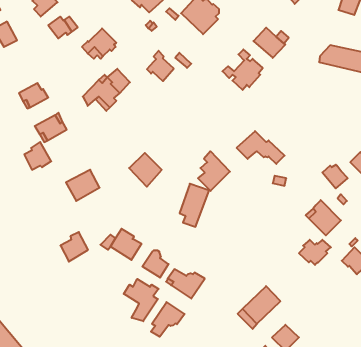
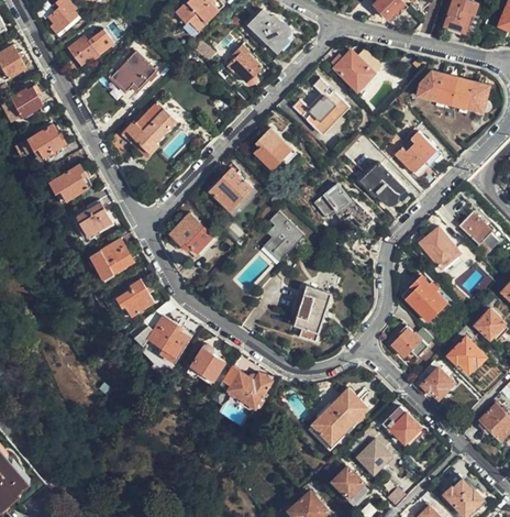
building: [147,51,174,81] -> [224,45,259,85]
building: none -> [9,85,42,116]
building: none -> [254,131,292,170]
building: none -> [396,134,441,178]
building: none -> [361,165,406,206]
building: none -> [210,169,254,212]
building: [24,142,51,170] -> [75,199,110,235]
building: [180,184,209,227] -> [293,288,332,344]
building: [60,232,88,262] -> [115,278,152,317]
building: none -> [417,363,453,400]
building: [124,279,159,321] -> none
building: none -> [385,409,422,444]
building: [151,302,185,337] -> none

